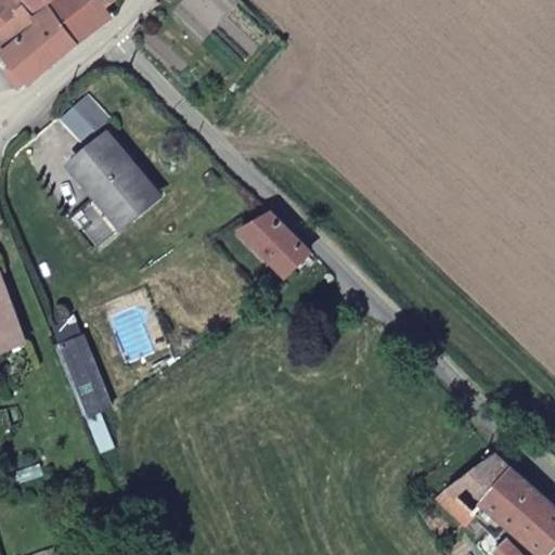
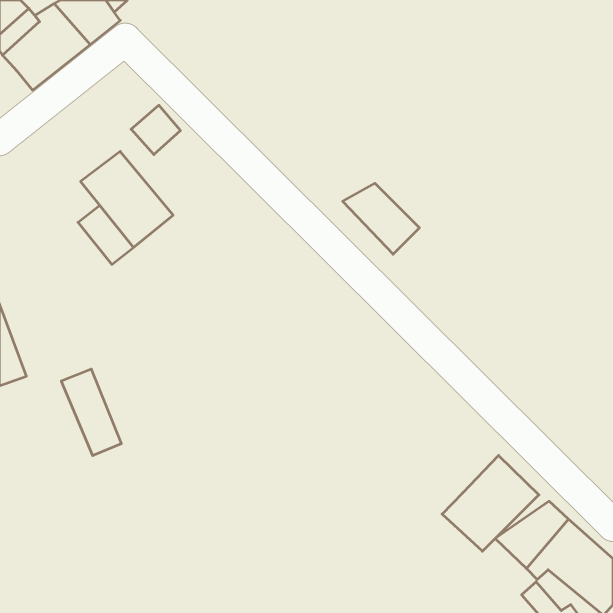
building: [64,98,108,142] -> [131,105,180,155]
building: [240,210,309,274] -> [343,183,419,254]
building: none -> [442,455,539,551]

